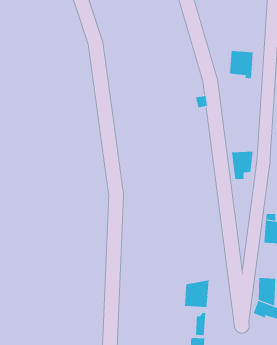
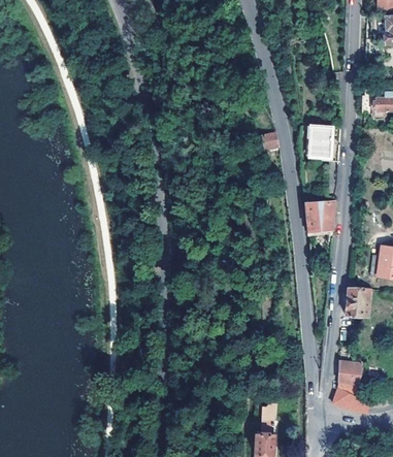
building: [229,51,253,79] -> [310,126,340,161]
building: [184,280,209,308] -> none

